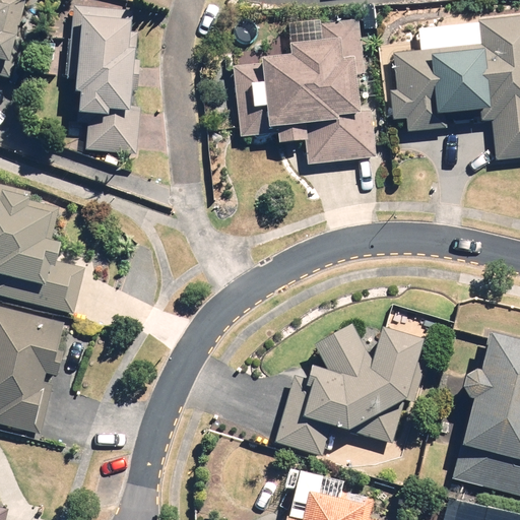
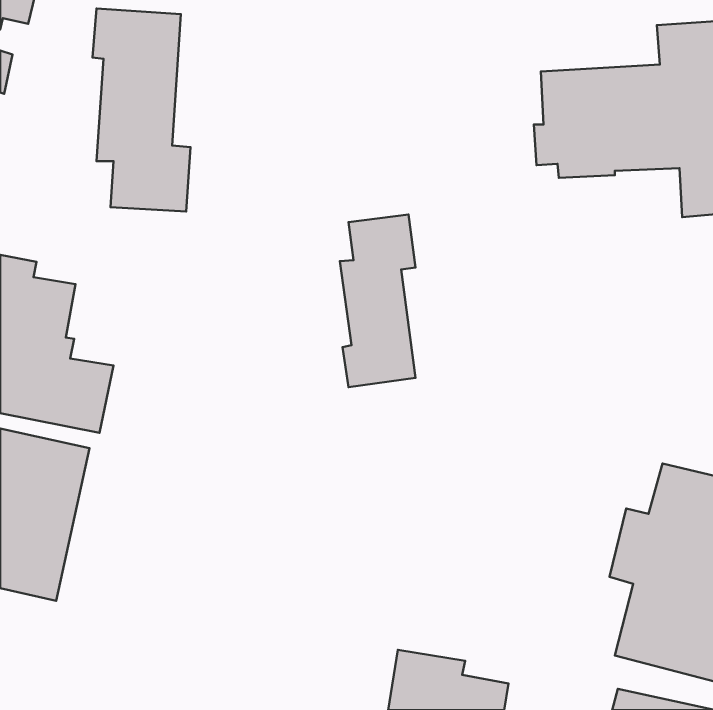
building: [238,16,375,161] -> none
building: none -> [340,214,416,387]
building: [274,325,418,455] -> none

